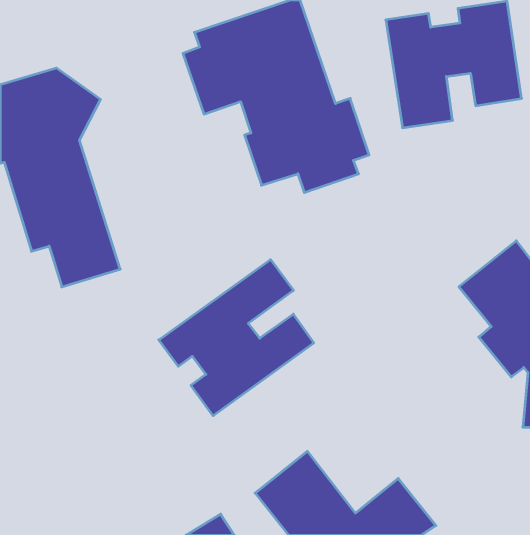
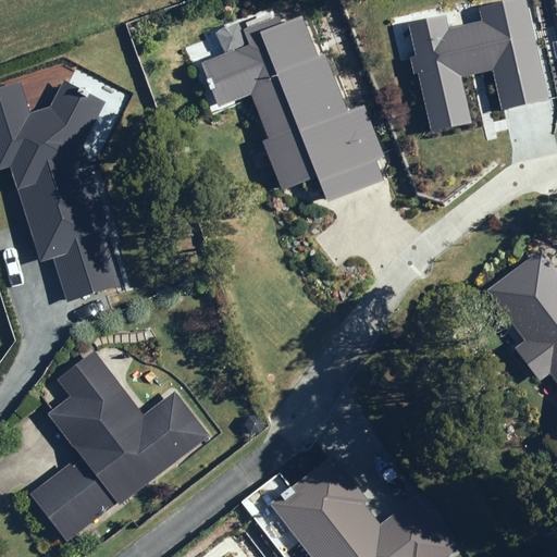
building: [159,260,314,416] -> none
building: none -> [30,356,216,542]

